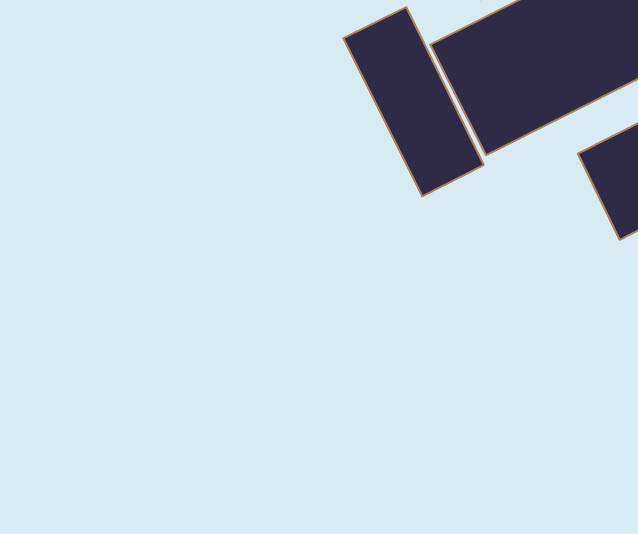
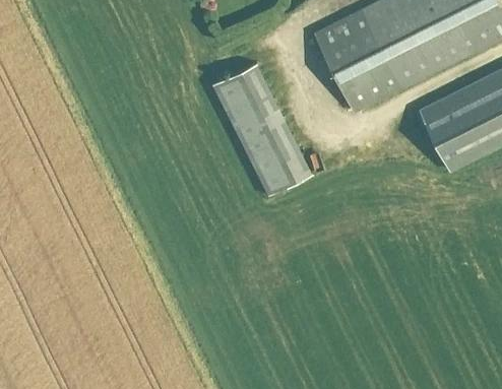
building: [343,7,484,196] -> [212,62,312,196]

